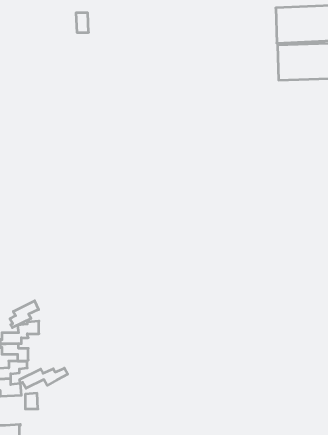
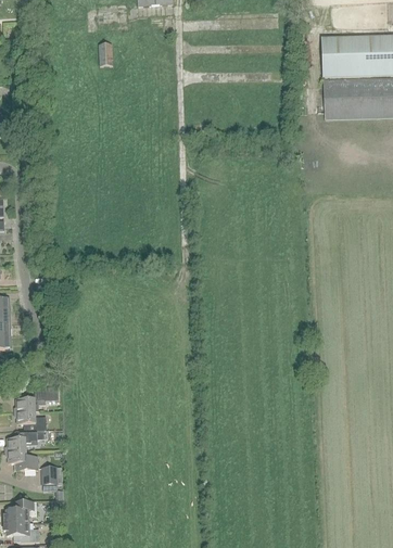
building: [10,301,39,328] -> none
building: [20,368,68,388] -> none

